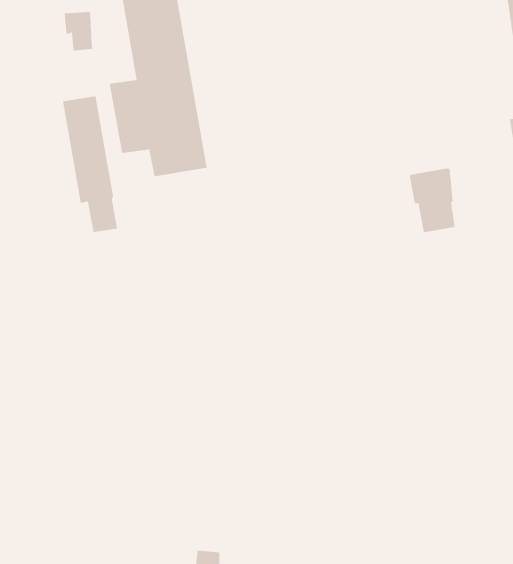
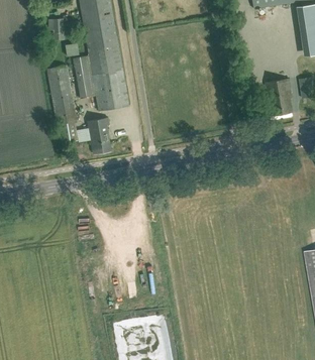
building: [409,168,455,233] -> [266,79,292,115]
building: none -> [88,117,111,154]

